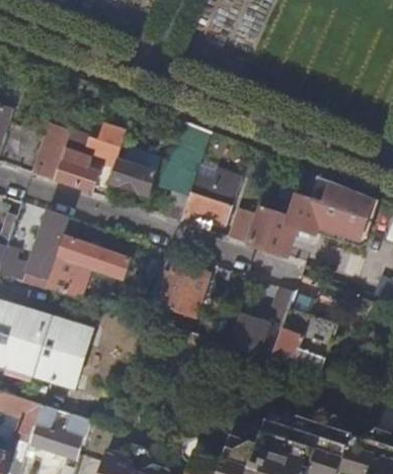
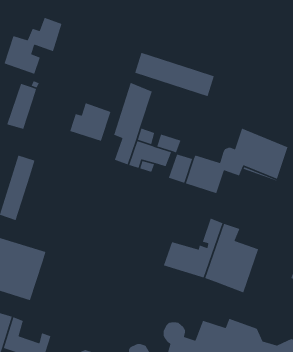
building: none -> [134,52,215,97]
building: [55,124,126,194] -> [4,17,63,75]
building: [46,236,131,300] -> none
building: [158,264,209,318] -> none

